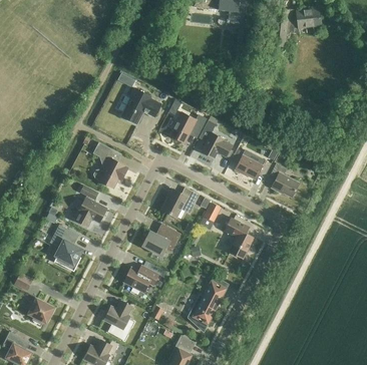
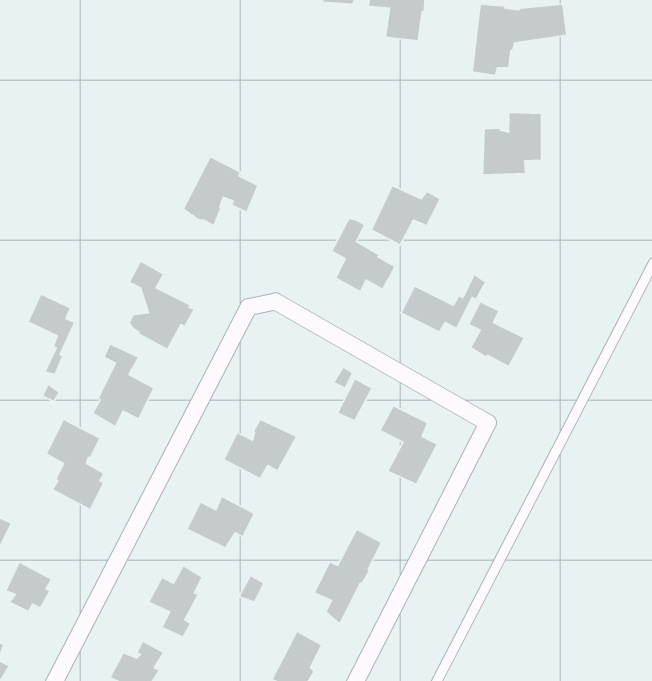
building: none -> [482,113,542,175]
building: [169,111,206,142] -> [371,185,440,245]
building: none -> [28,294,75,375]
building: [161,187,199,217] -> none

